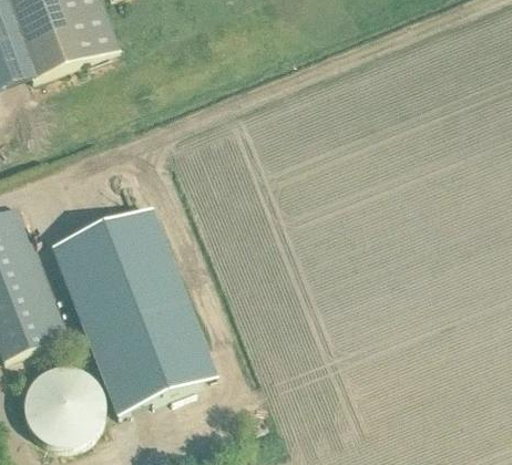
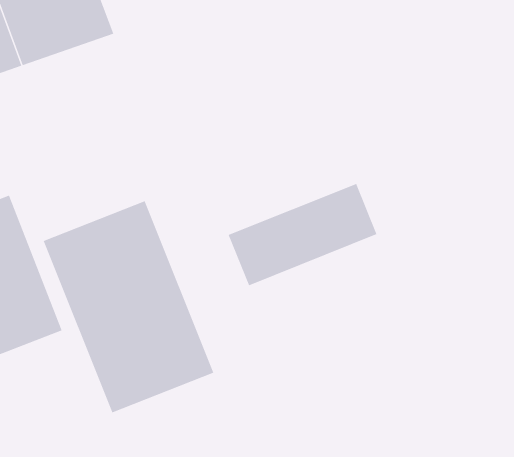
building: none -> [228,183,377,286]
building: [22,364,106,447] -> none

